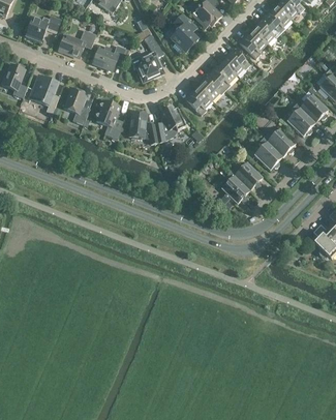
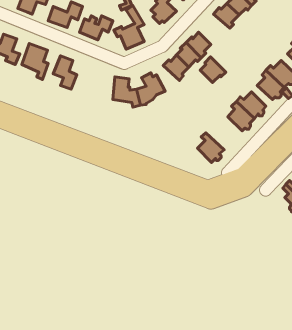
building: [221,48,249,76] -> [200,57,226,83]
building: [94,100,122,139] -> none
building: [230,161,262,190] -> none

